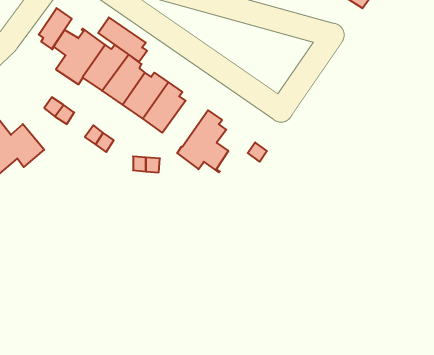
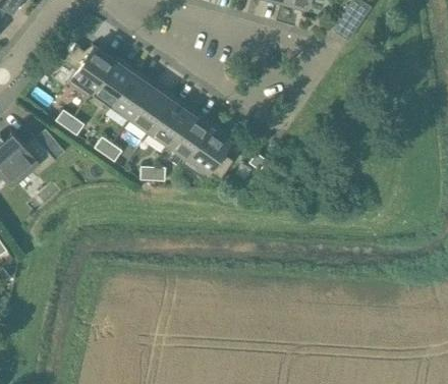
building: [39,8,72,49] -> none
building: [98,17,147,62] -> none
building: none -> [167,113,211,157]

